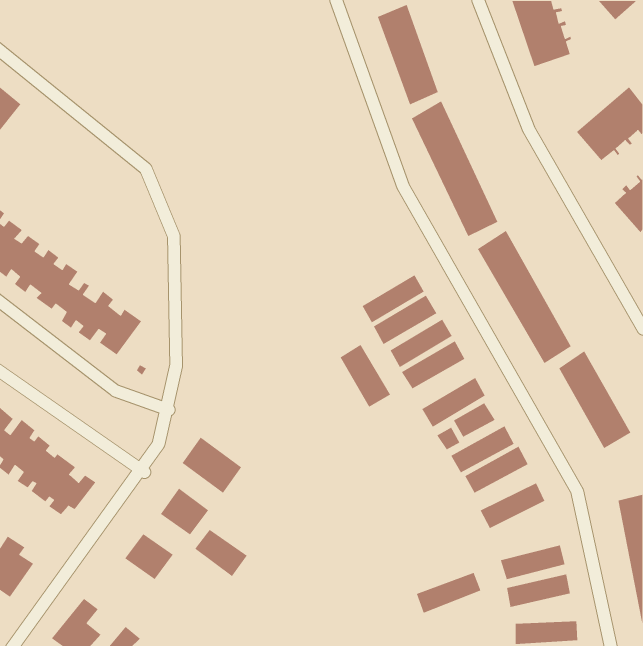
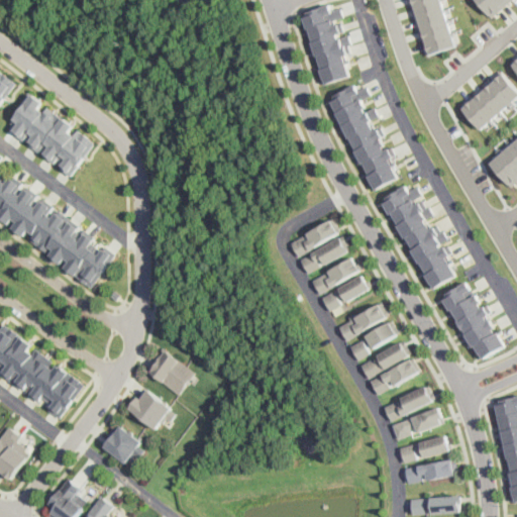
building: none -> [14,99,86,175]
building: [340,344,391,408] -> none
building: [194,529,248,577] -> none
building: [416,572,482,614] -> [392,407,444,440]

